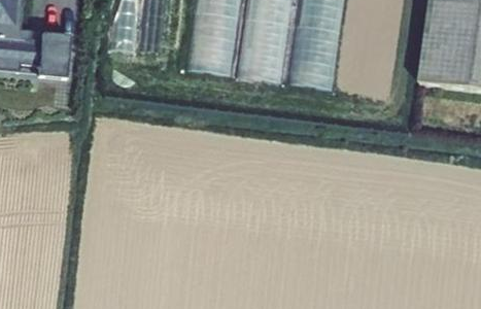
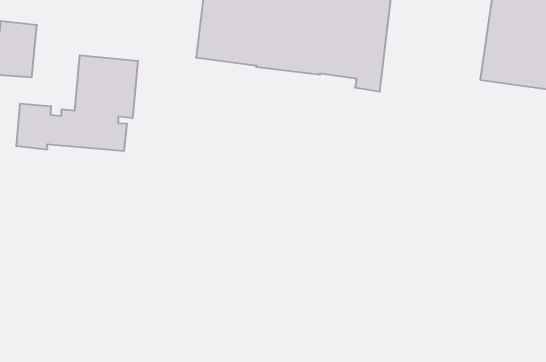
building: none -> [16,55,138,151]

